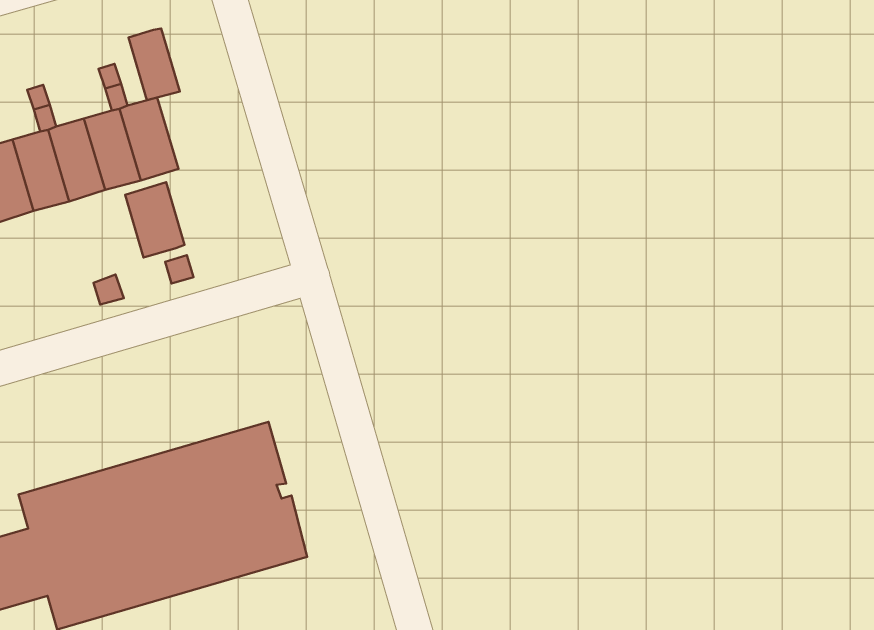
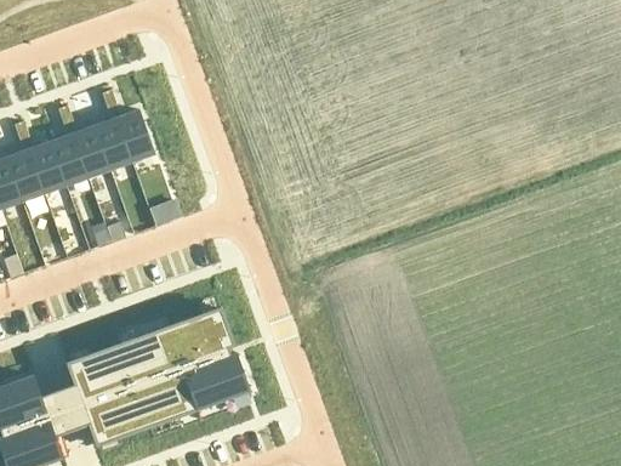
building: [128,29,180,100] -> none
building: [125,182,185,258] -> none

